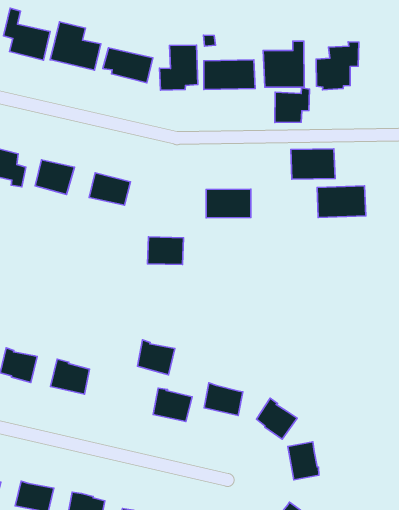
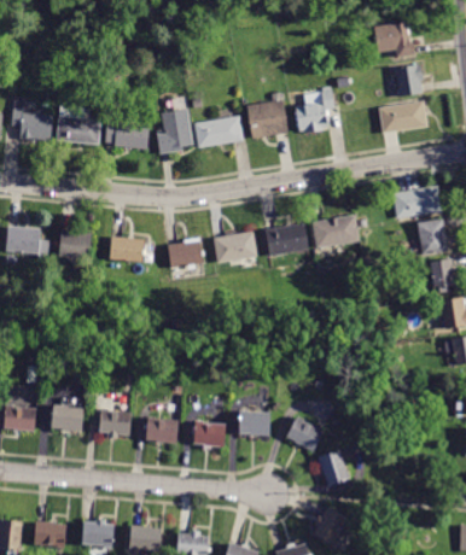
building: [275,88,310,122] -> none
building: [291,149,335,179] -> [264,223,308,256]
building: [148,237,184,265] -> [168,240,202,268]
building: [137,340,175,375] -> [146,416,177,444]

